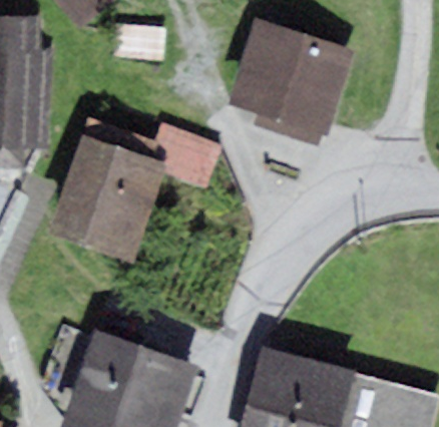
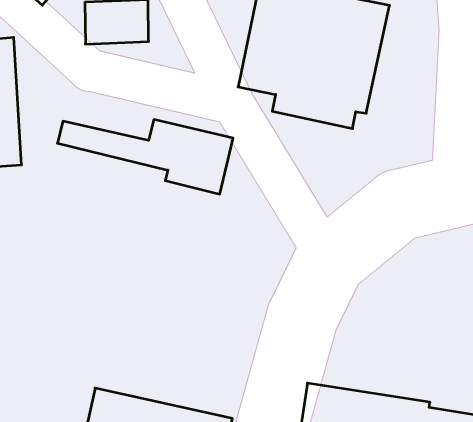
building: [47,134,166,263] -> none

